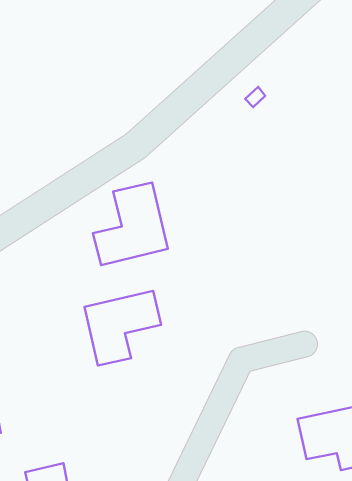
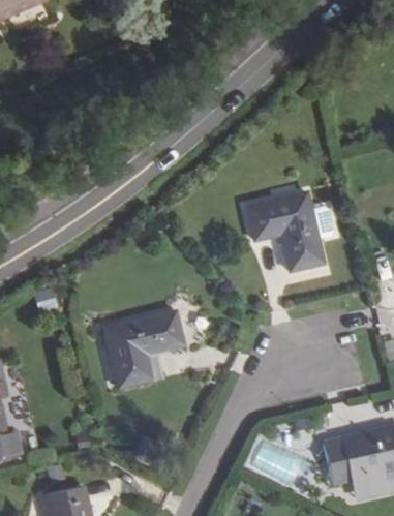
building: none -> [248,192,325,271]
building: [93,182,168,265] -> none

